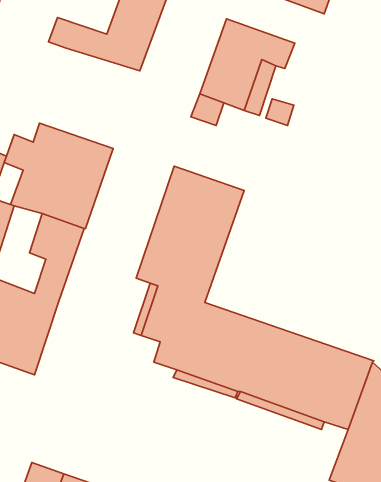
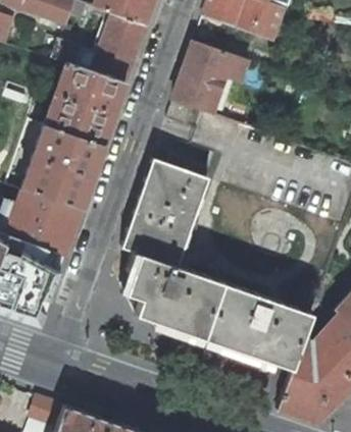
building: none -> [45,57,126,144]

